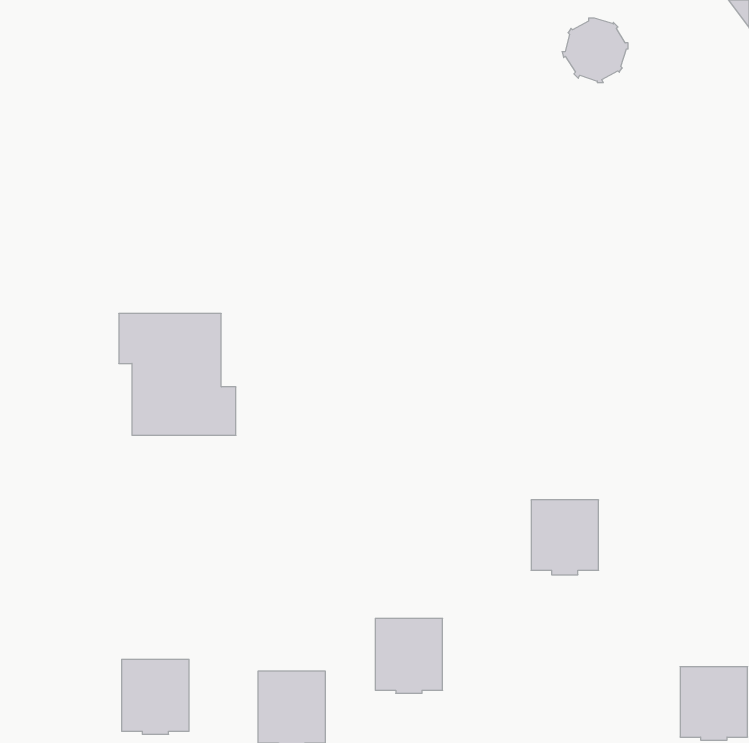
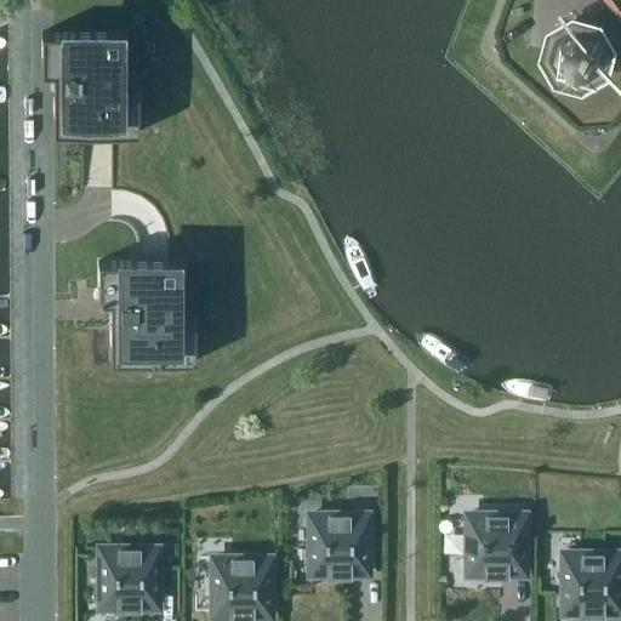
building: [562,18,628,83] -> [547,29,602,82]
building: none -> [41,36,138,137]
building: [531,500,599,575] -> [468,518,524,580]

